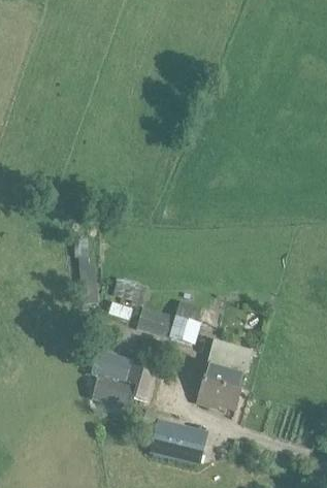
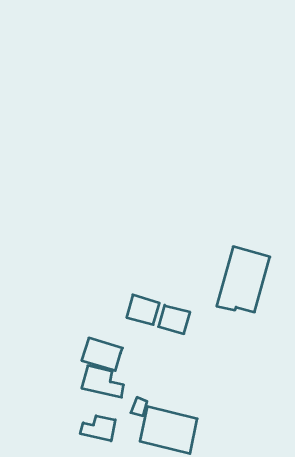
building: [197,343,251,409] -> [217,247,270,312]
building: [120,364,154,399] -> none
building: none -> [80,416,115,441]

